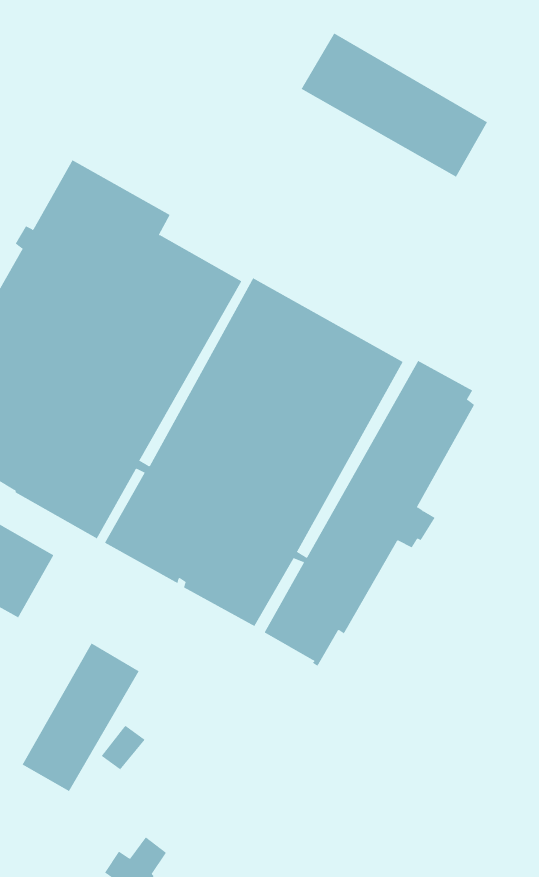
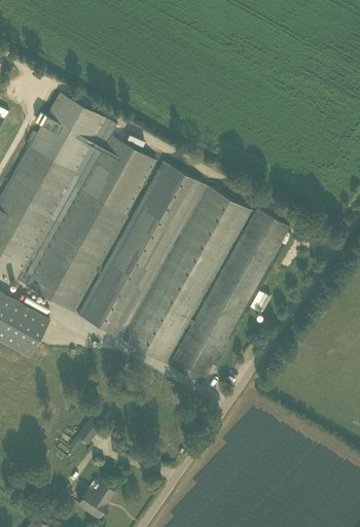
building: [301,33,488,178] -> none
building: [22,642,139,792] -> none

